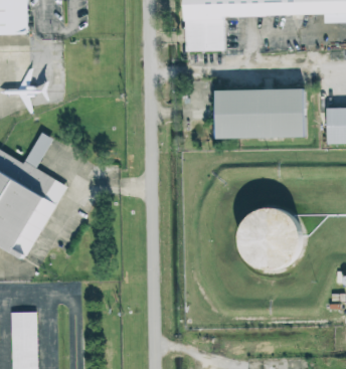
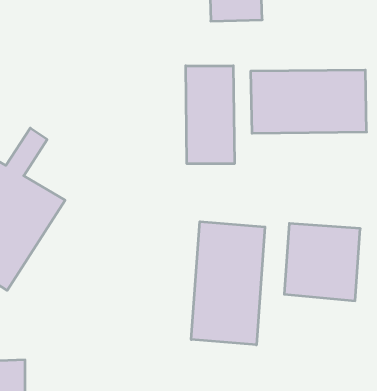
building: none -> [186,66,234,164]
building: none -> [191,222,265,345]

